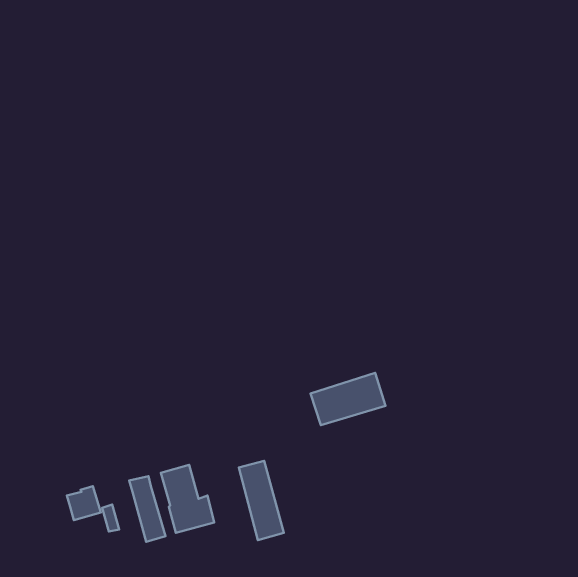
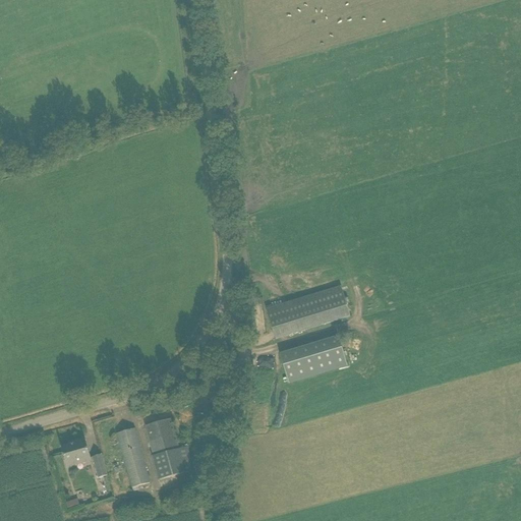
building: none -> [266,285,349,338]
building: [239,461,284,540] -> none

